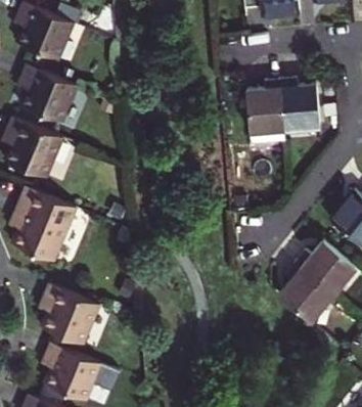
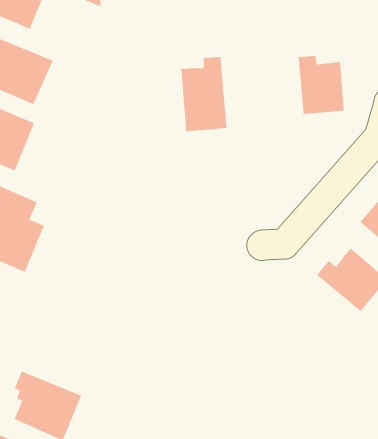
building: [246,83,285,145] -> [181,57,227,132]
building: [278,264,332,322] -> none
building: [43,284,99,343] -> none

